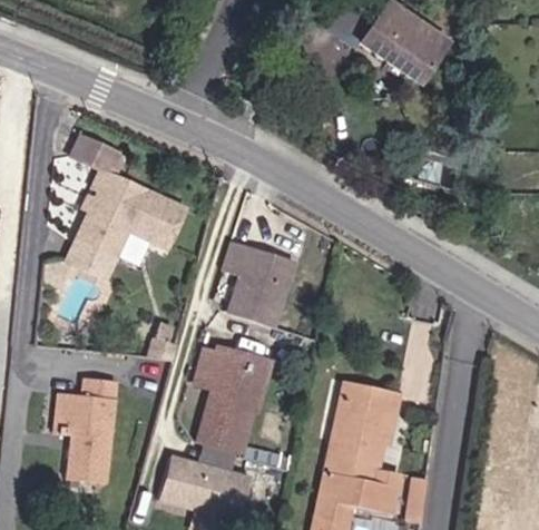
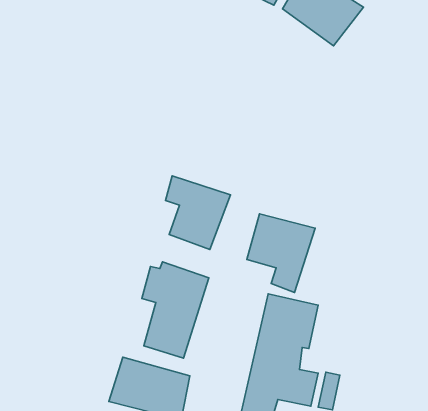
building: [66,132,189,282] -> none
building: none -> [247,214,315,292]
building: [55,375,121,482] -> none

